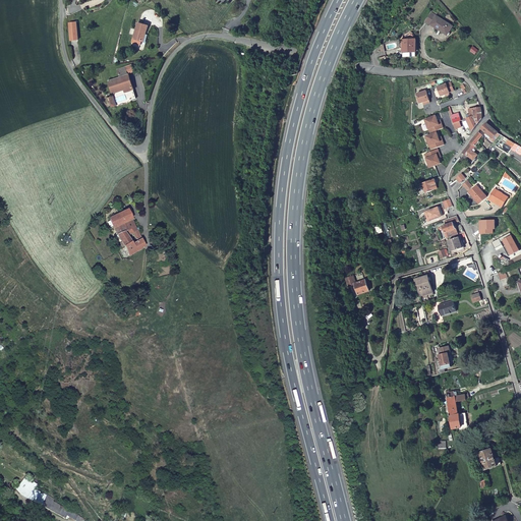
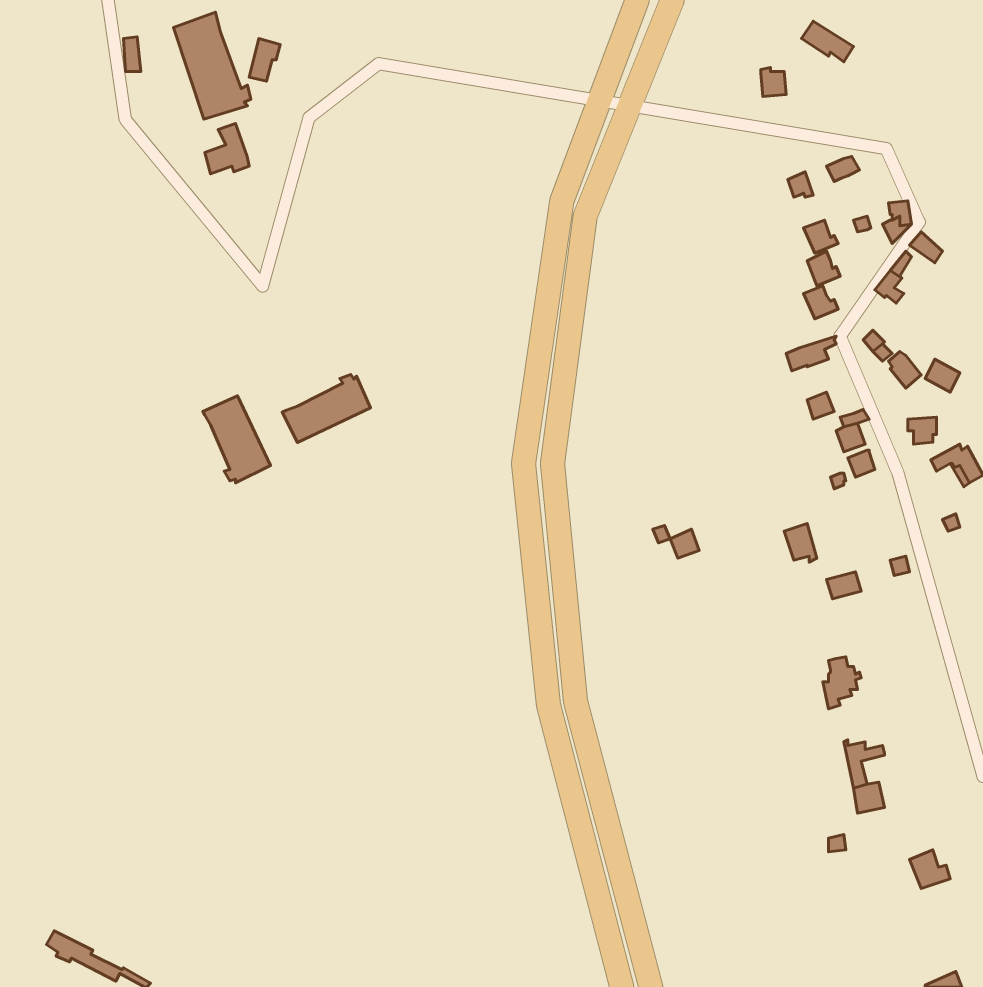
building: none -> [173,12,251,119]
building: none -> [282,374,371,442]

